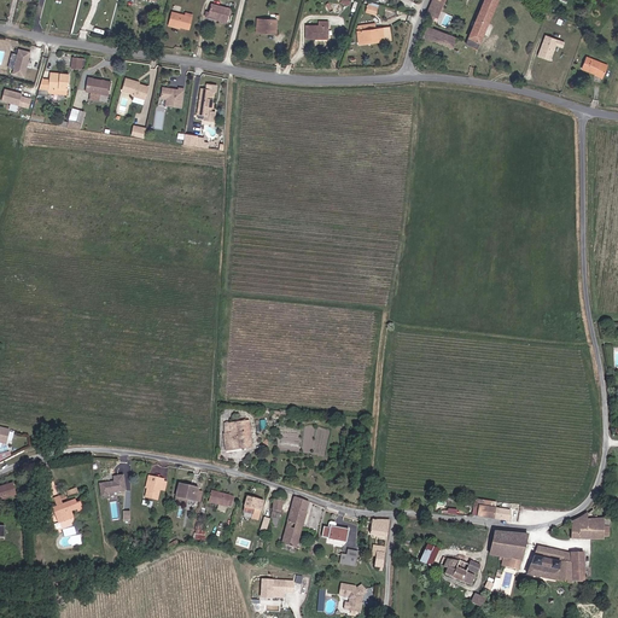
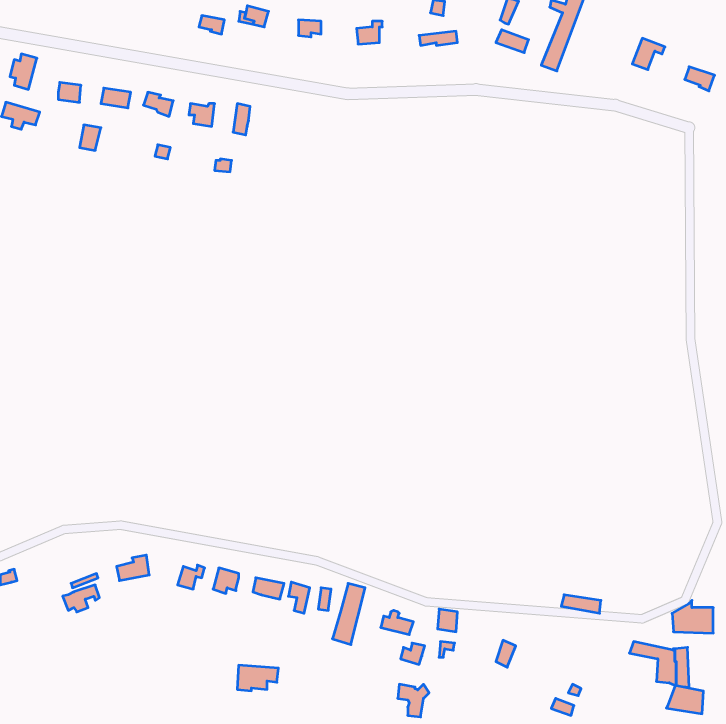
building: [223,421,251,449] -> none
building: [491,531,527,569] -> none
building: [527,555,559,579] -> [666,685,703,714]
building: [444,560,480,587] -> none
building: [260,576,295,597] -> [237,665,278,691]

